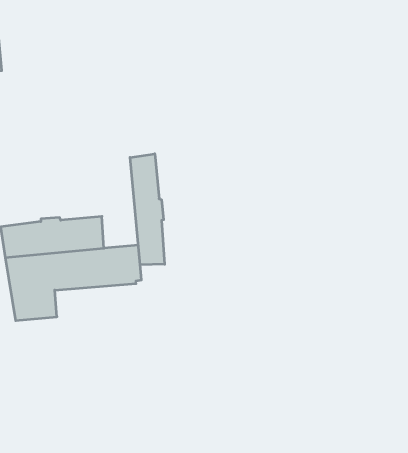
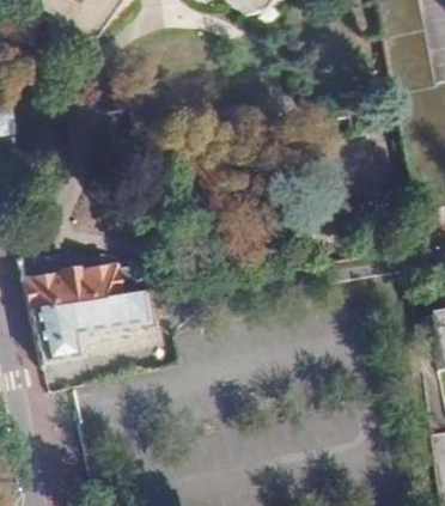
building: [130,154,165,265] -> none

